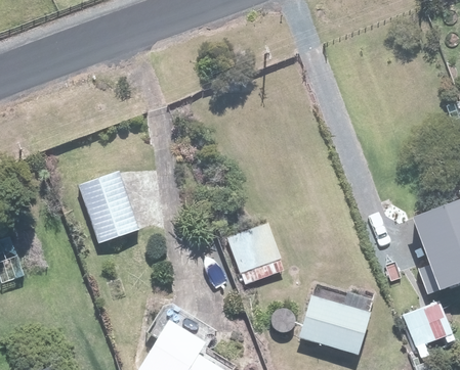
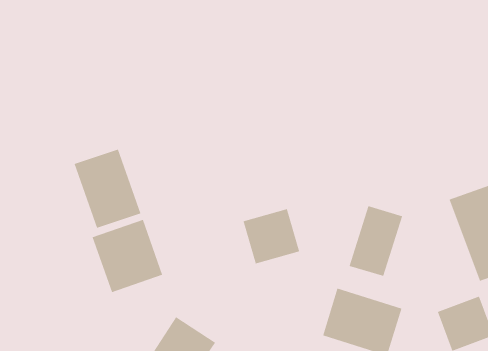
building: none -> [349,205,403,277]
building: none -> [91,219,163,293]

